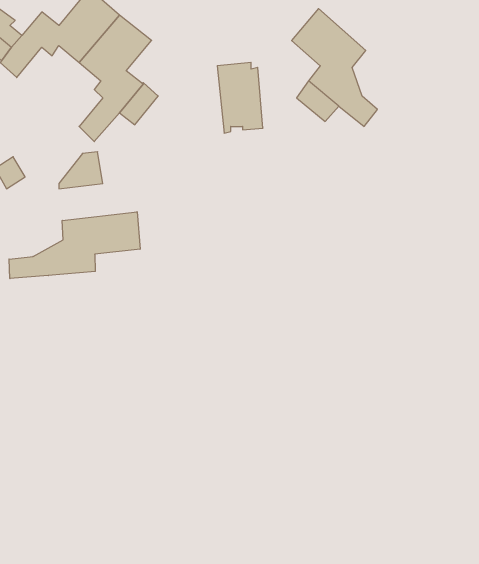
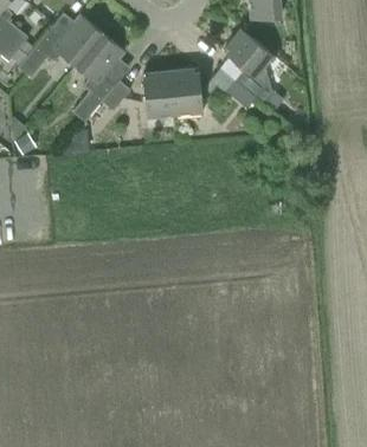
building: none -> [143,69,175,118]
building: [9,212,140,279] -> none

